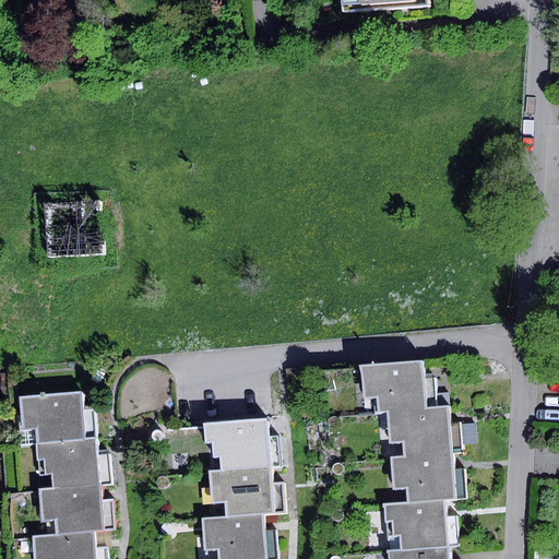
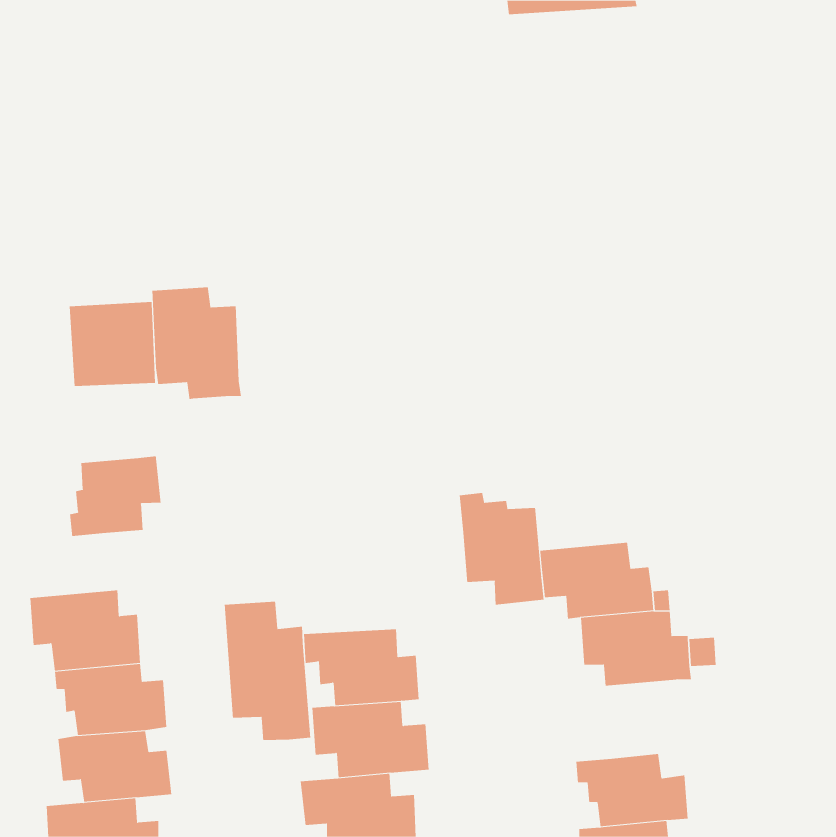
building: none -> [152,286,242,400]
building: none -> [69,456,161,537]
building: none -> [459,492,544,606]
building: none -> [224,601,311,741]
building: [390,453,466,506] -> none

